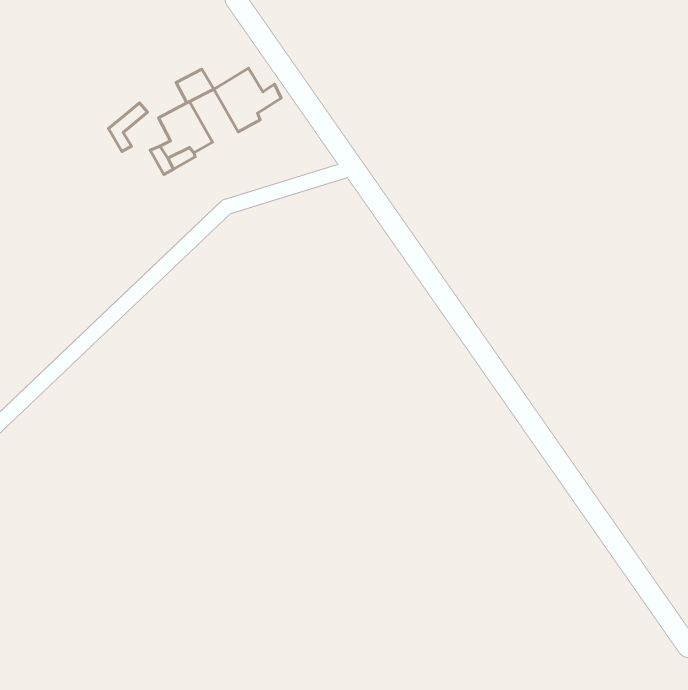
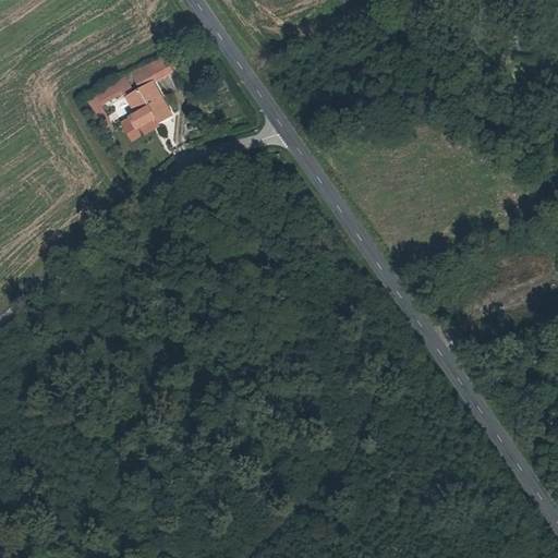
building: [214,68,281,132] -> none

